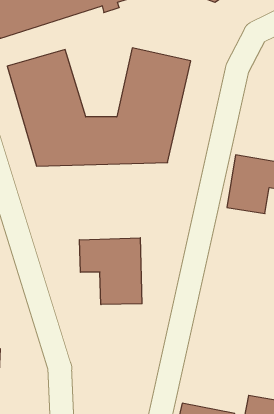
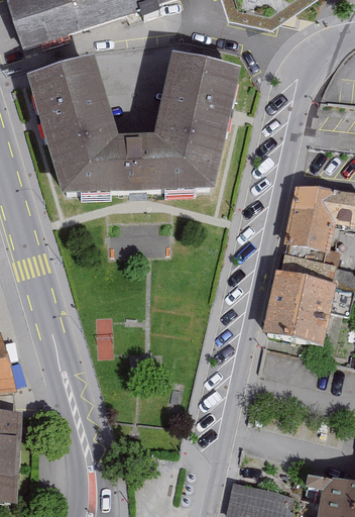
building: none -> [263,255,336,348]
building: [79,238,142,305] -> none

